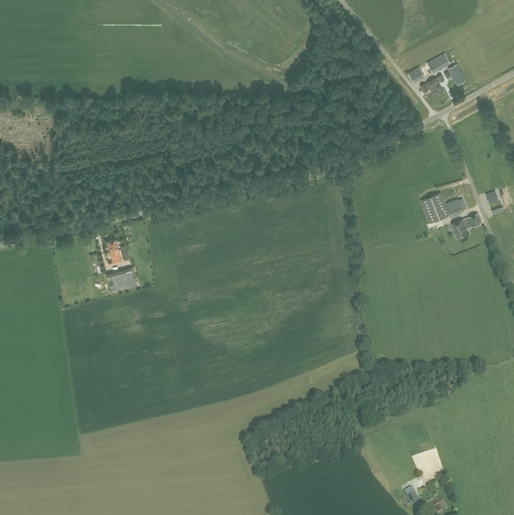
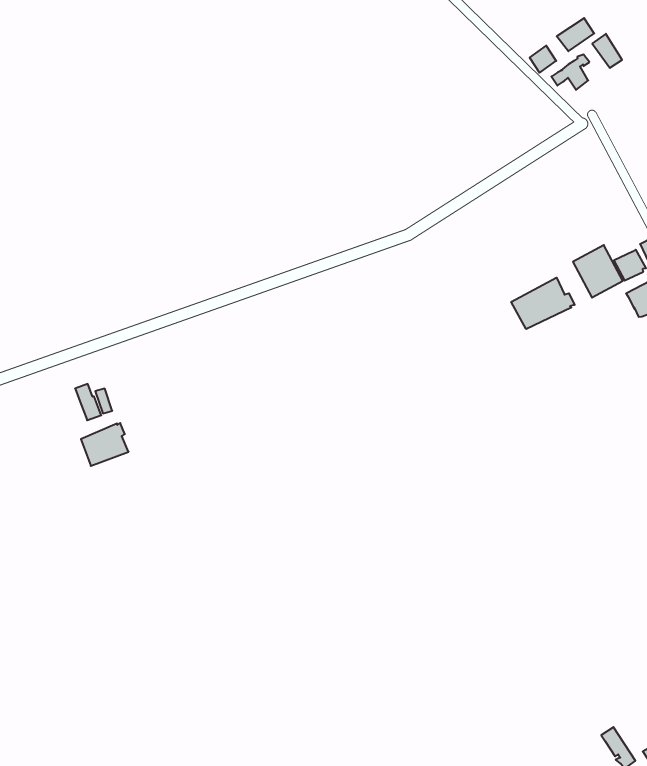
building: none -> [511,278,575,329]

